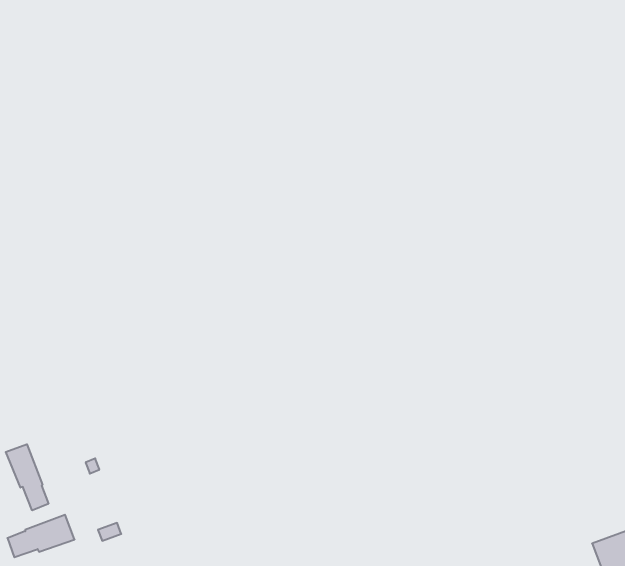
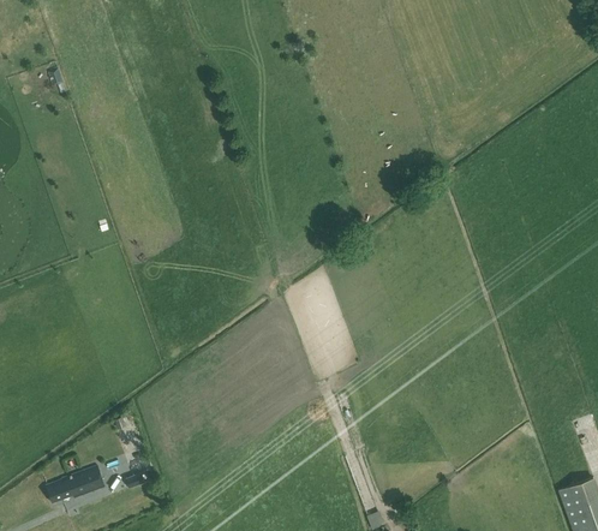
building: [6,444,48,510] -> none

